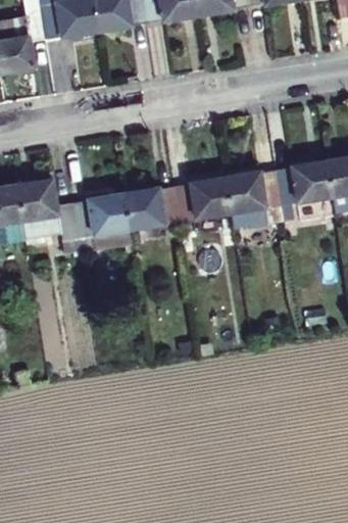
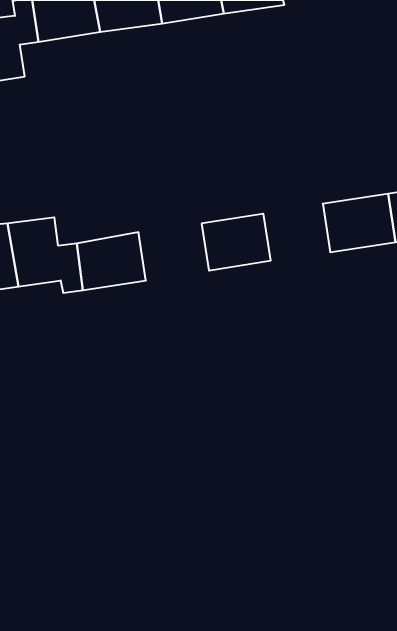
building: [226,169,284,232] -> none
building: [122,185,181,232] -> none

